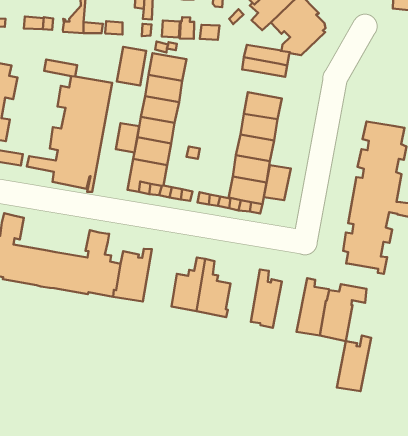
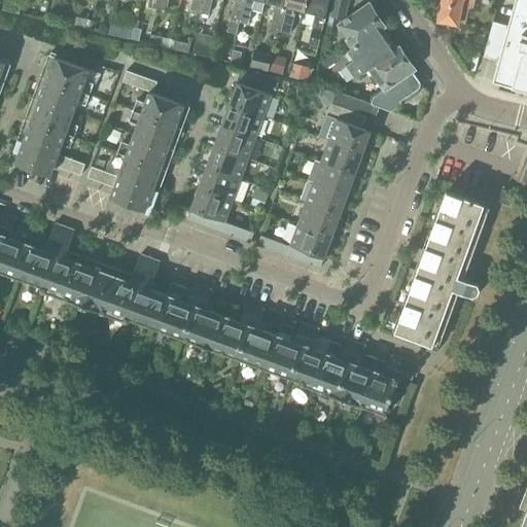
building: [117,47,146,85] -> none
building: none -> [328,119,370,153]
building: [116,123,139,152] -> none
building: [264,165,291,200] -> none
building: none -> [182,286,222,349]
building: none -> [266,323,309,379]
building: [337,335,371,391] -> [312,340,356,397]

